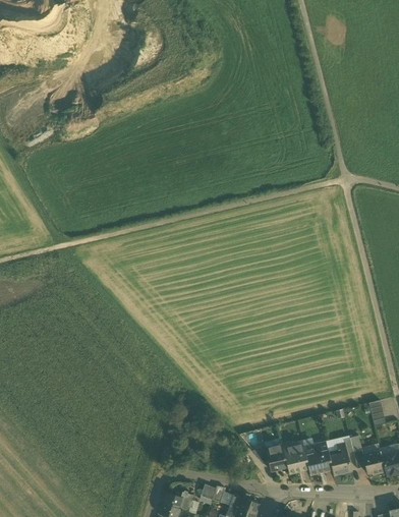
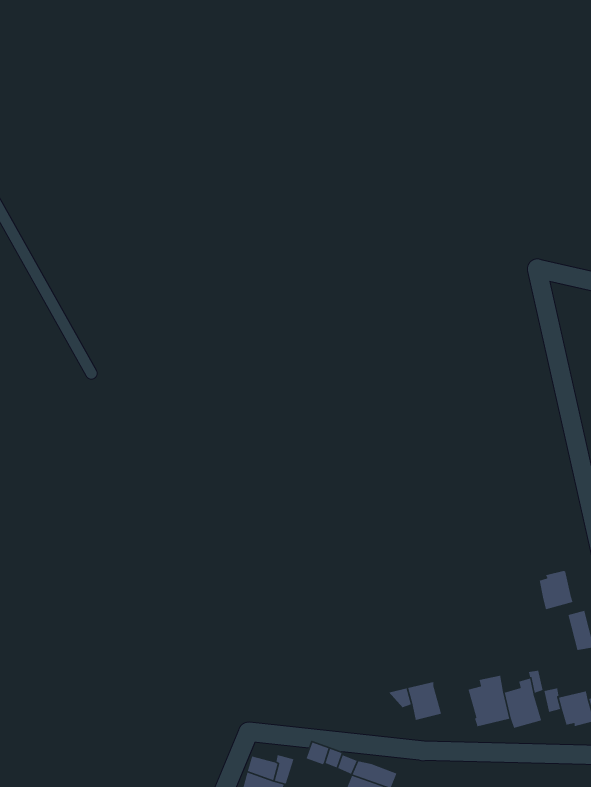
building: none -> [539,570,573,610]
building: [283,439,309,472] -> none

